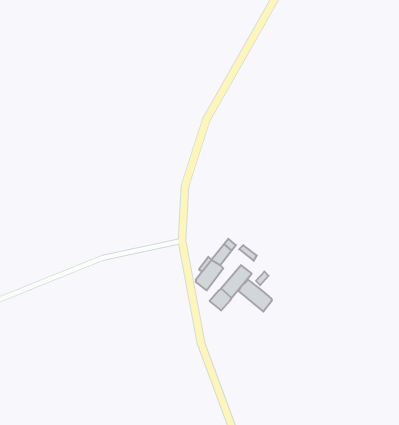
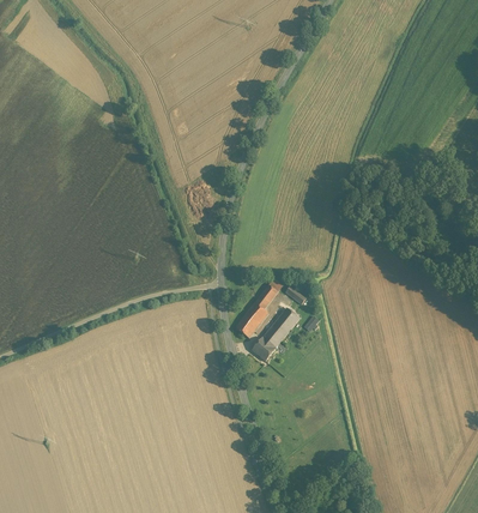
building: [238,280,272,312] -> none

